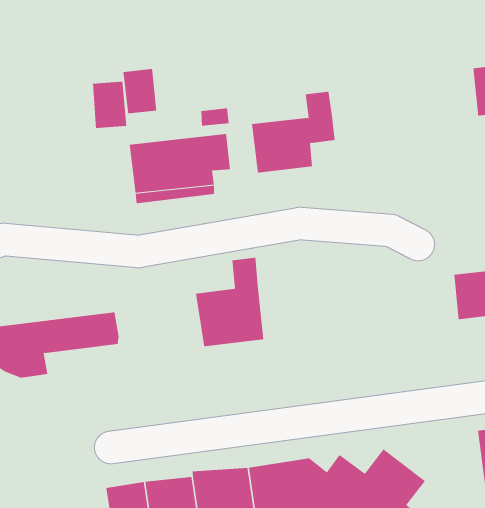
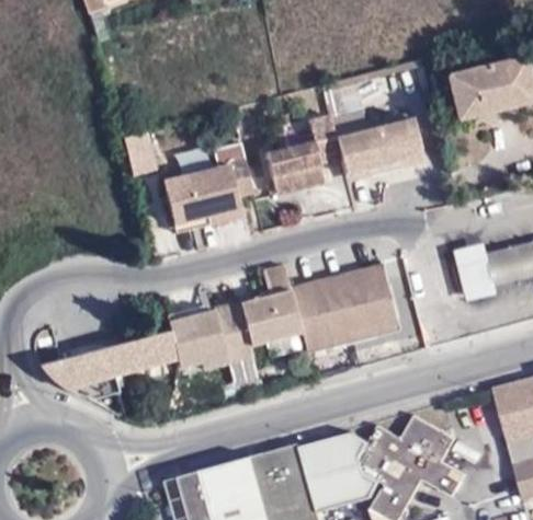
building: none -> [322,77,424,180]
building: [123,68,157,114] -> none
building: none -> [288,265,395,353]
building: none -> [166,303,248,369]

